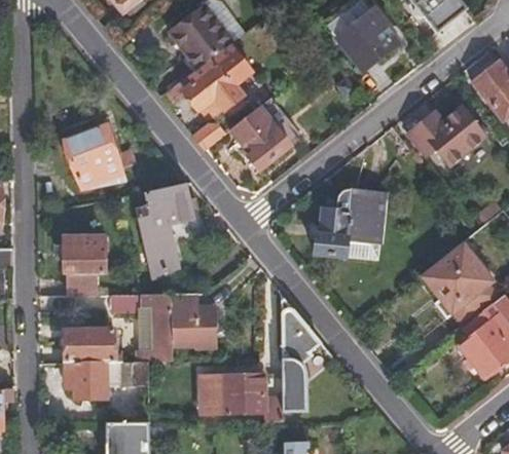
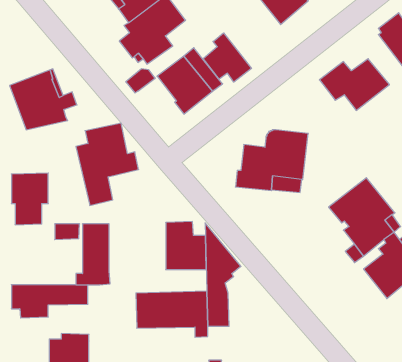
building: none -> [203,33,251,82]
building: [172,294,217,347] -> [166,222,206,270]
building: [63,330,124,363] -> none

